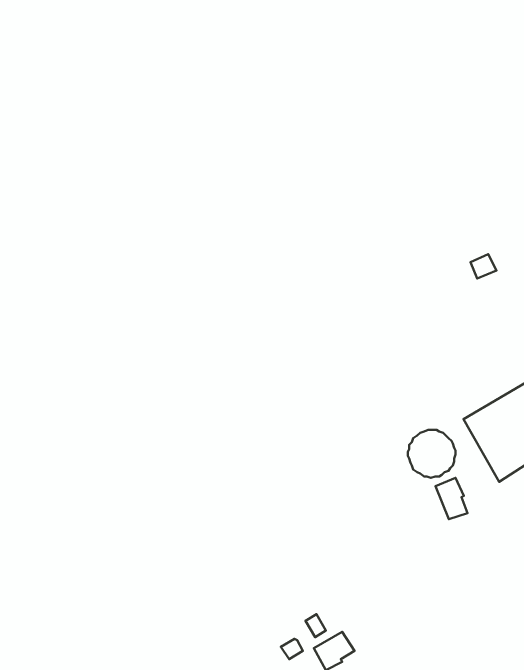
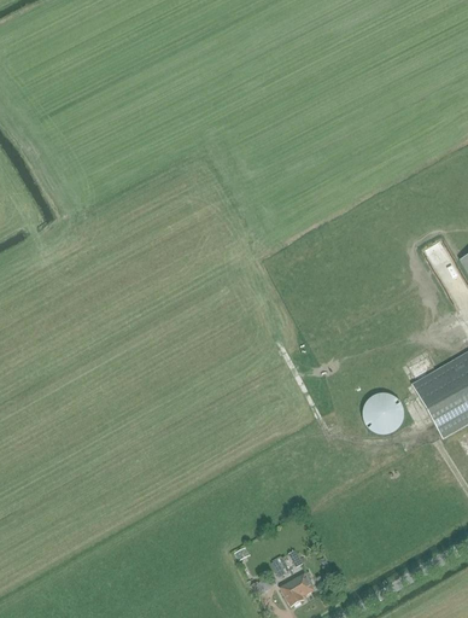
building: [436,478,467,519] -> none

